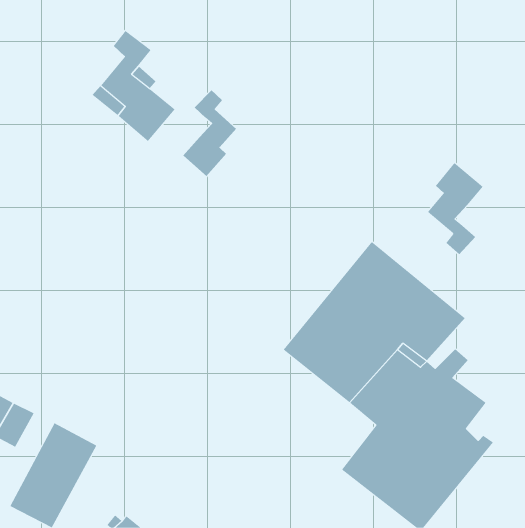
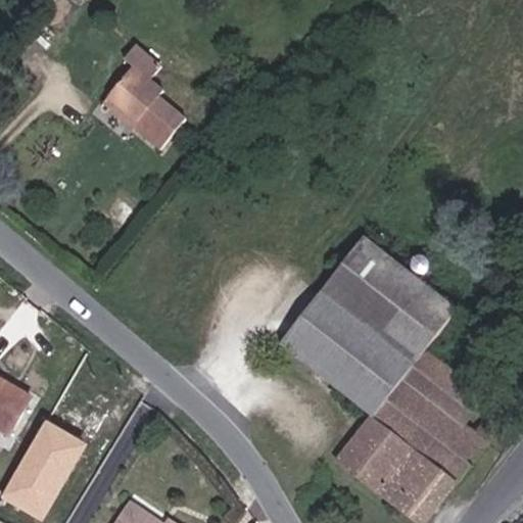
building: [182,90,237,177] -> none
building: [427,162,484,255] -> none

